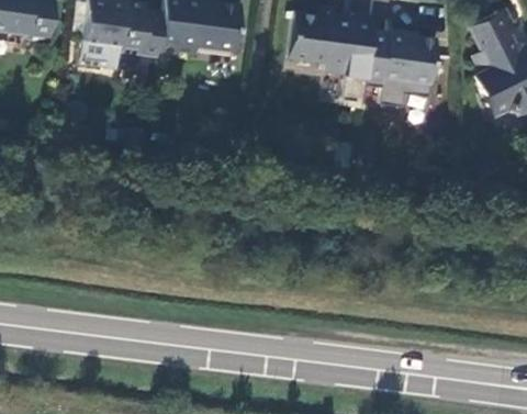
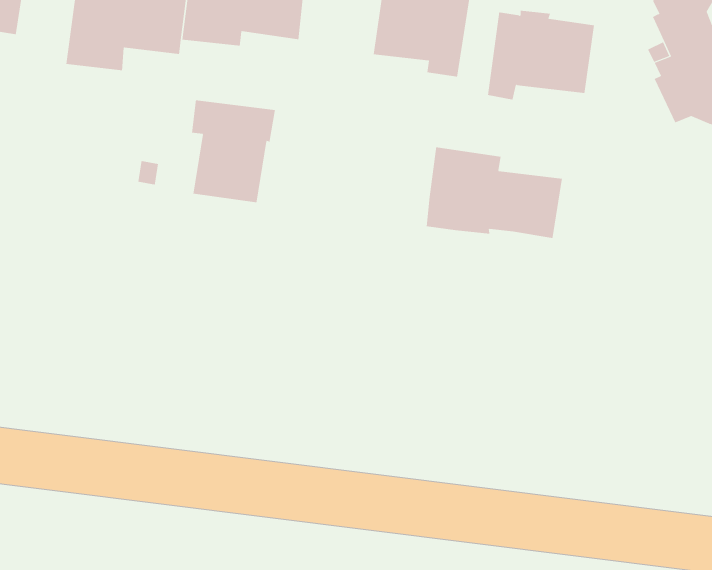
building: none -> [191,99,276,203]
building: none -> [426,147,563,239]

